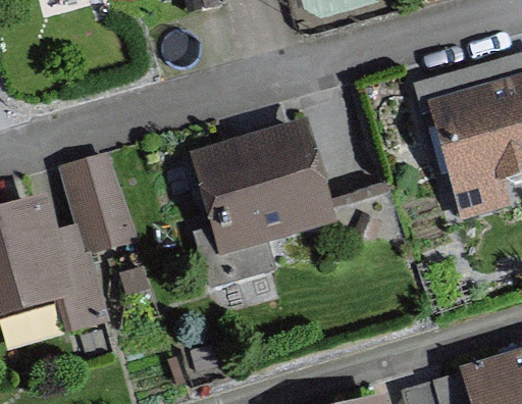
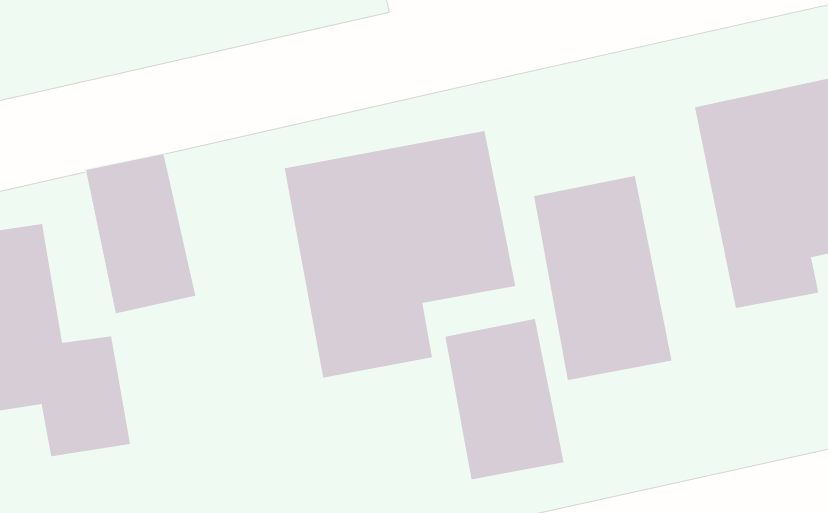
building: none -> [534,175,672,381]
building: none -> [445,318,564,480]

